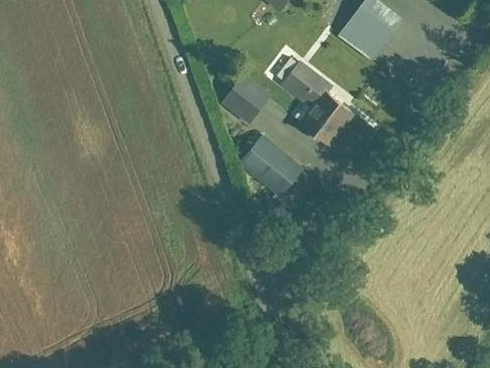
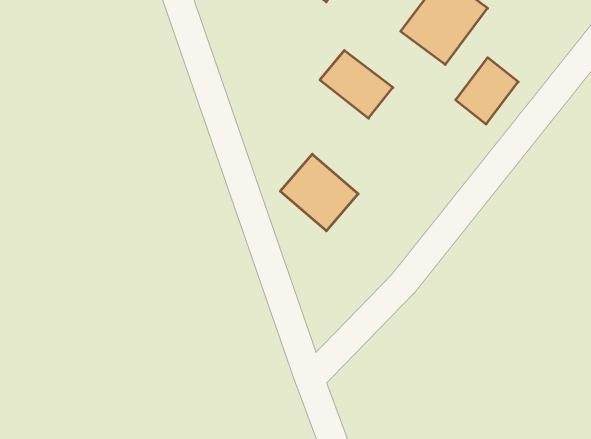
building: [220,78,269,124] -> none
building: [303,92,352,144] -> [456,58,518,124]

